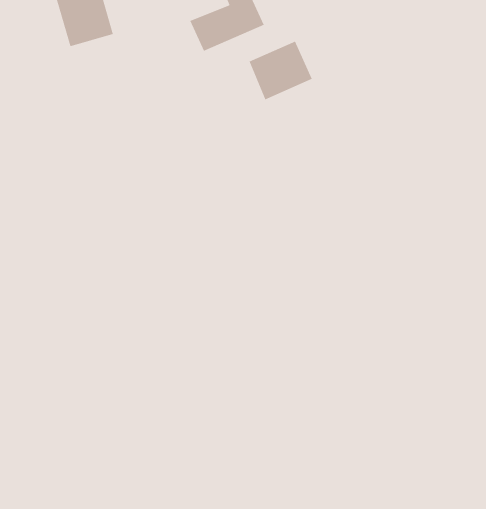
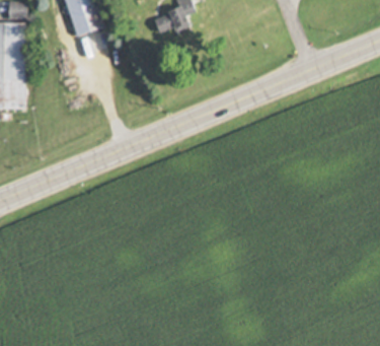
building: [249,41,313,101] -> none

